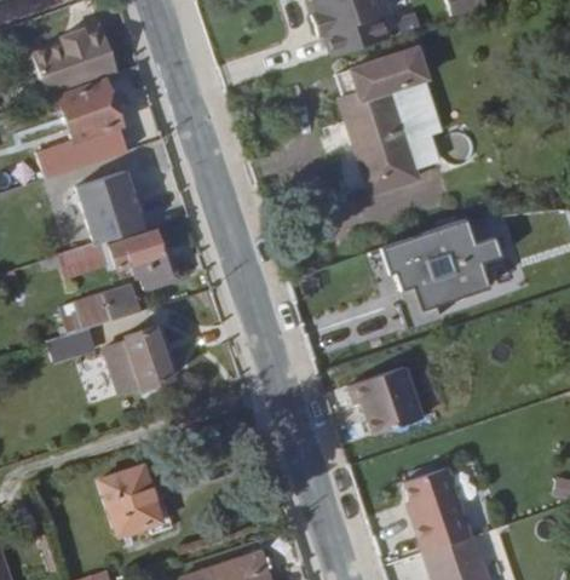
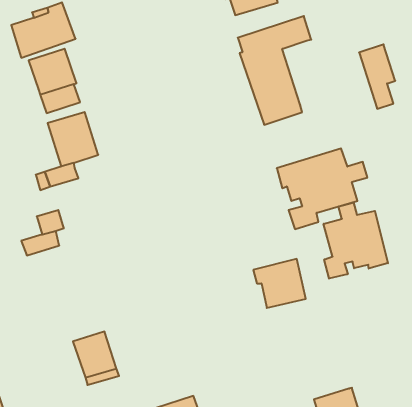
building: [387,75,436,161] -> [359,44,395,109]
building: [110,232,180,286] -> none
building: [88,287,142,326] -> none
building: none -> [324,202,388,279]
building: [111,332,173,397] -> none
building: [414,472,477,555] -> none

